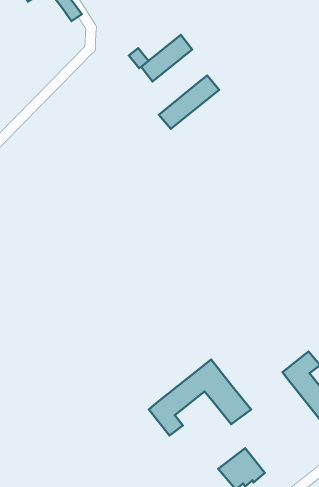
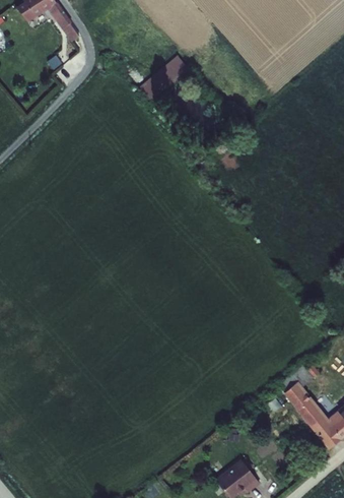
building: [159,76,219,129] -> none
building: [149,360,251,436] -> none

